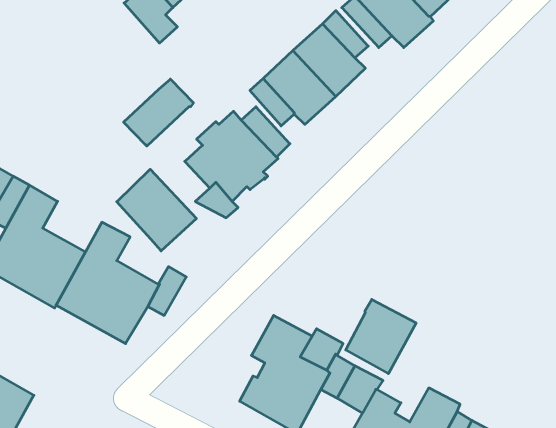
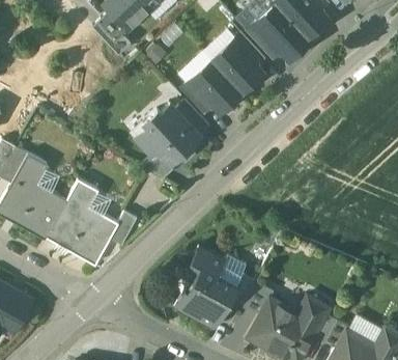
building: [124,79,193,146] -> none
building: [117,169,196,251] -> none
building: [346,299,416,374] -> none

